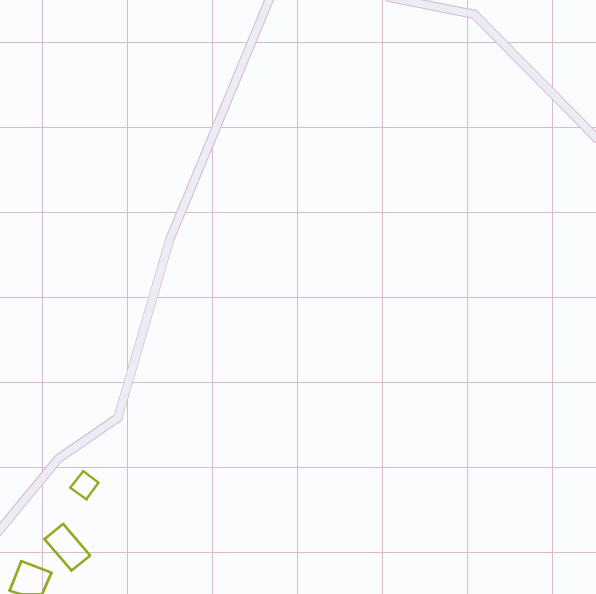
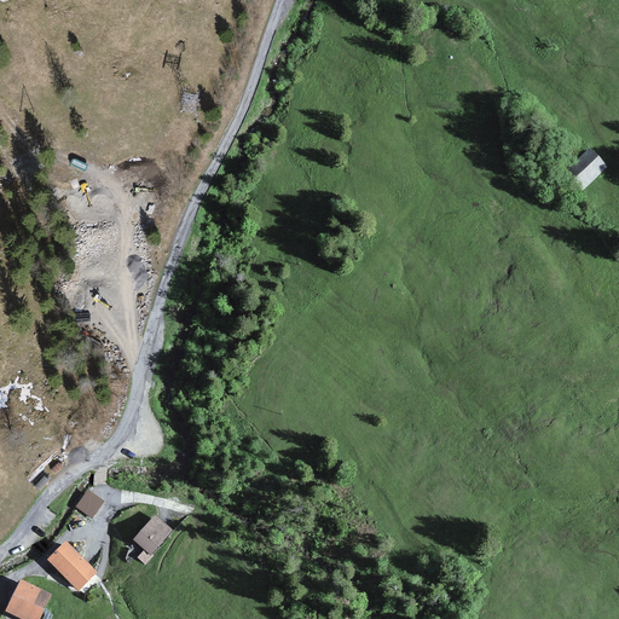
building: none -> [566,151,604,189]
building: none -> [137,519,169,554]

